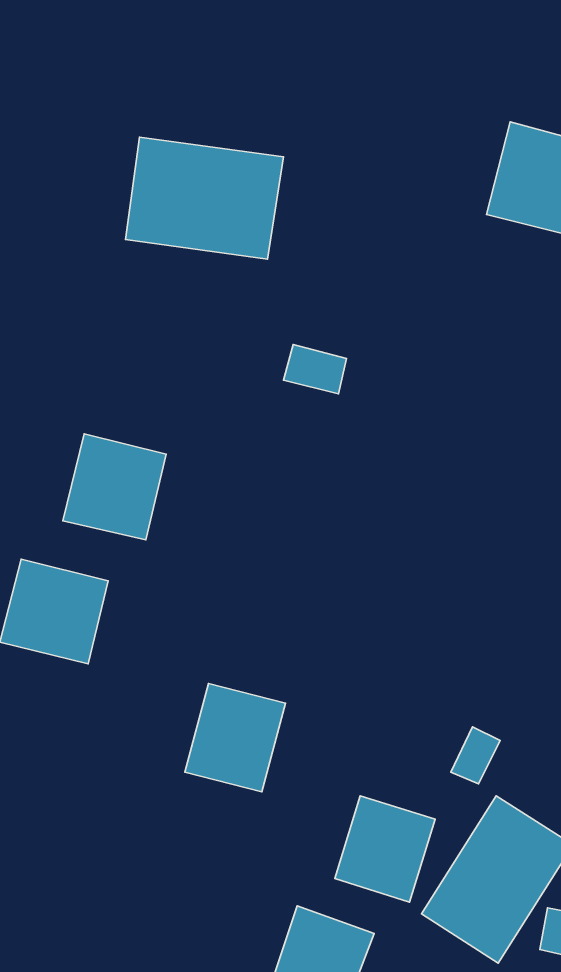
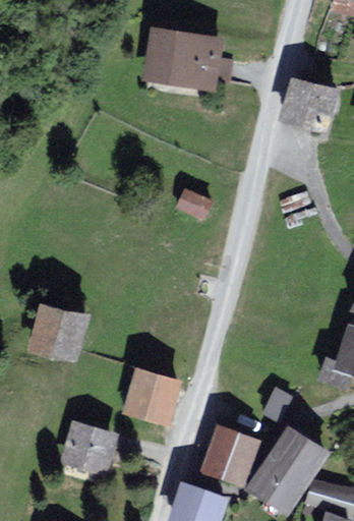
building: [126,137,283,259] -> [144,27,226,91]
building: [63,434,166,540] -> none
building: none -> [63,422,117,473]

